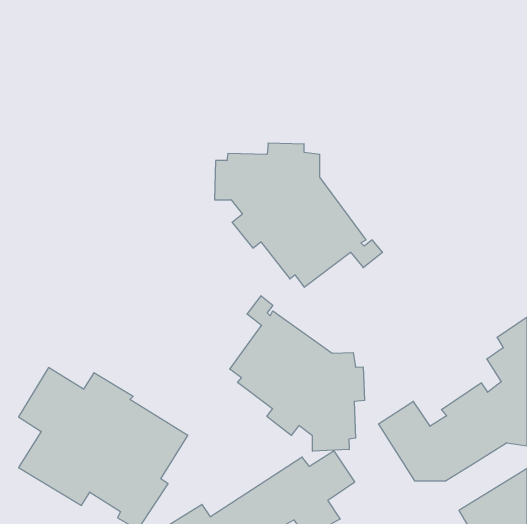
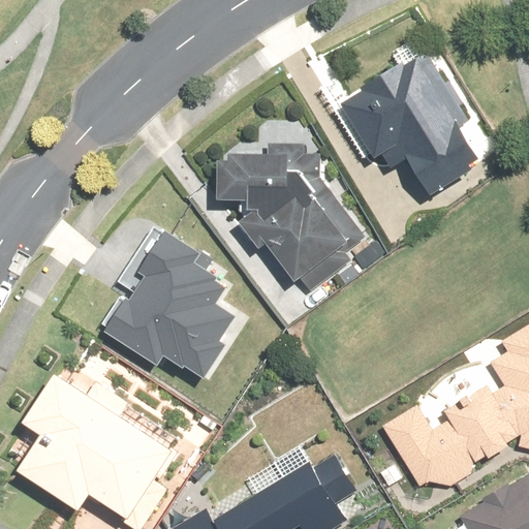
building: none -> [344,58,479,193]
building: none -> [103,235,231,376]
building: [230,296,365,451] -> none

